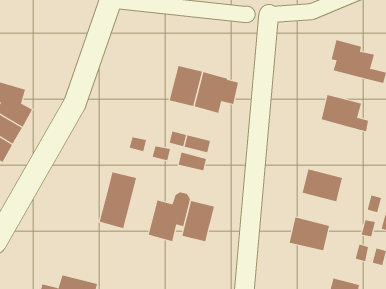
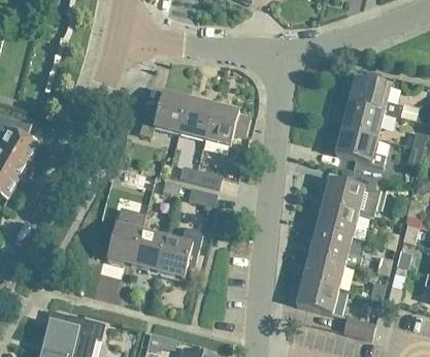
building: none -> [138,91,188,136]
building: none -> [341,102,384,136]
building: none -> [322,170,379,216]
building: none -> [308,228,362,266]
building: [182,201,215,242] -> [132,229,166,271]
building: none -> [295,280,338,314]

